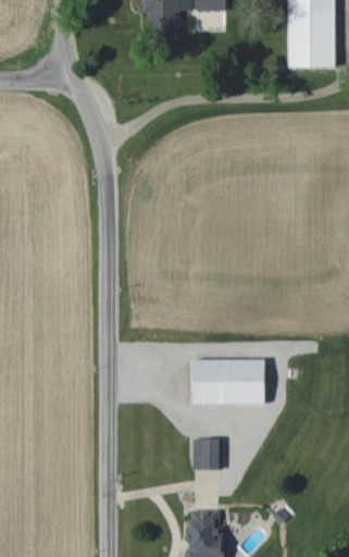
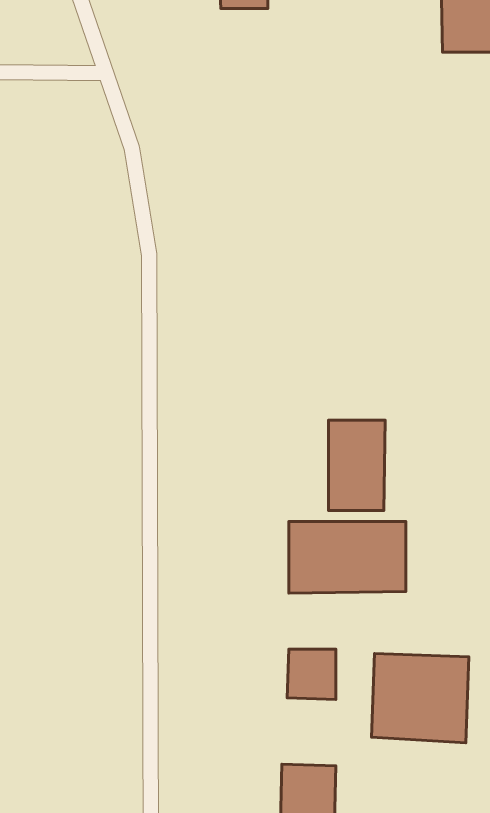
building: none -> [328,420,385,511]
building: none -> [371,653,469,743]

